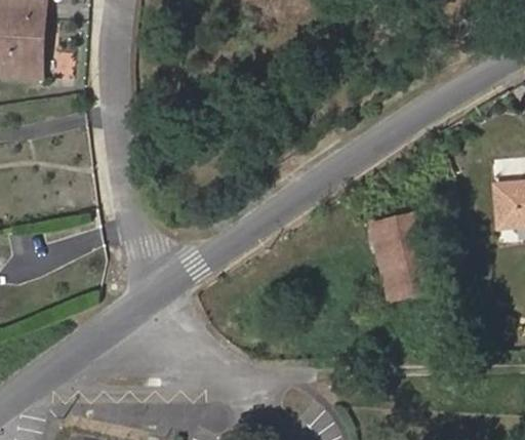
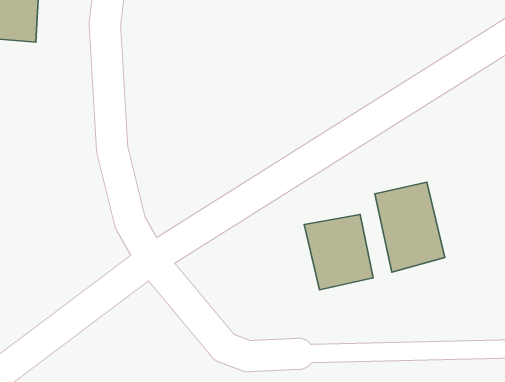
building: none -> [304,214,373,290]

